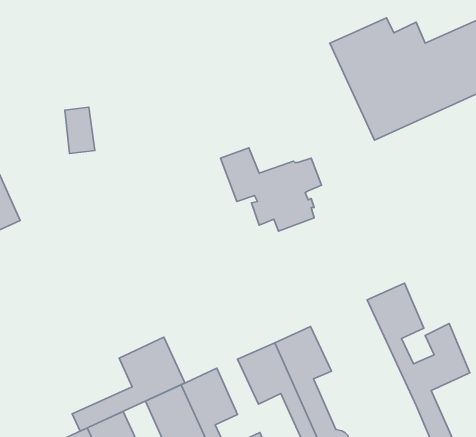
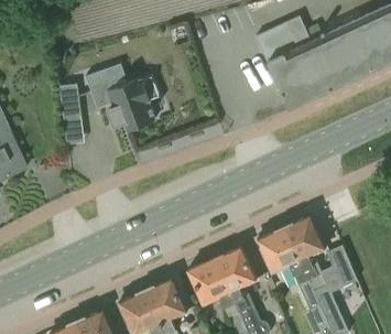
building: [220,148,322,231] -> [84,68,159,130]
building: none -> [256,226,318,309]
building: [72,337,185,431] -> none

